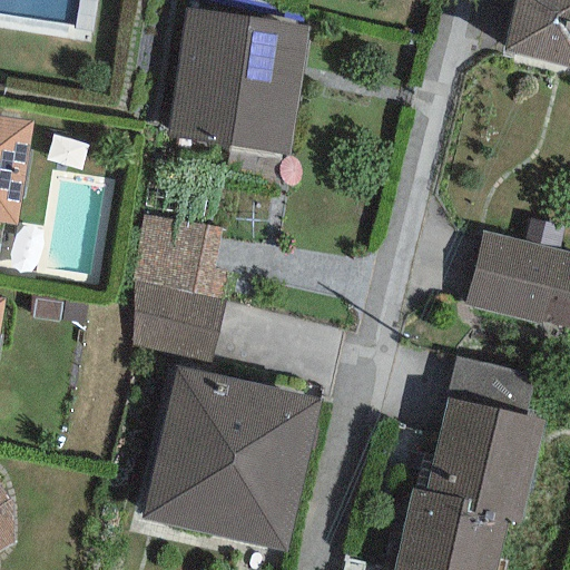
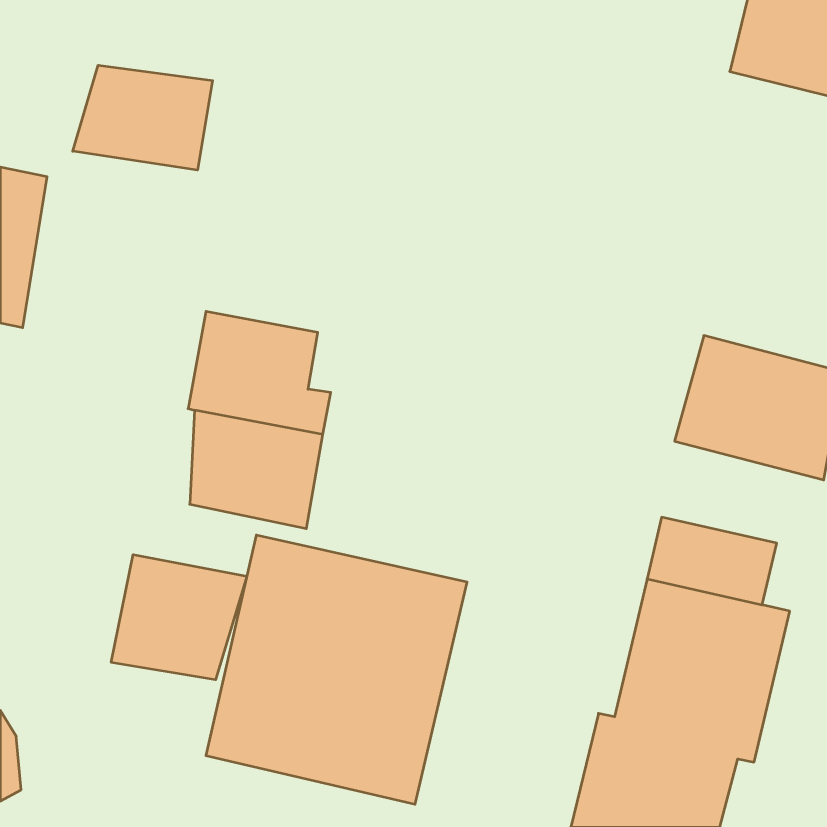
building: [166,7,309,155] -> none
building: none -> [73,65,213,170]
building: none -> [111,555,247,680]

